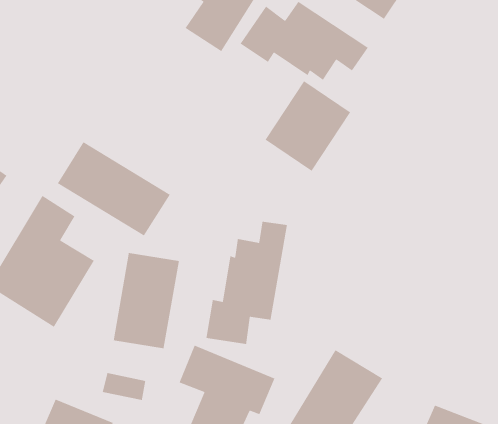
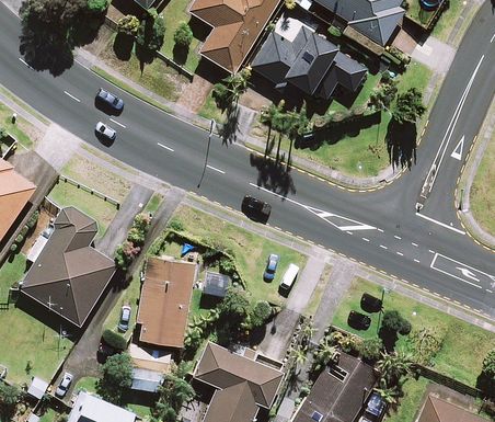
building: [265,80,351,172] -> none
building: [57,141,171,237] -> none
building: [206,221,288,345] -> none

